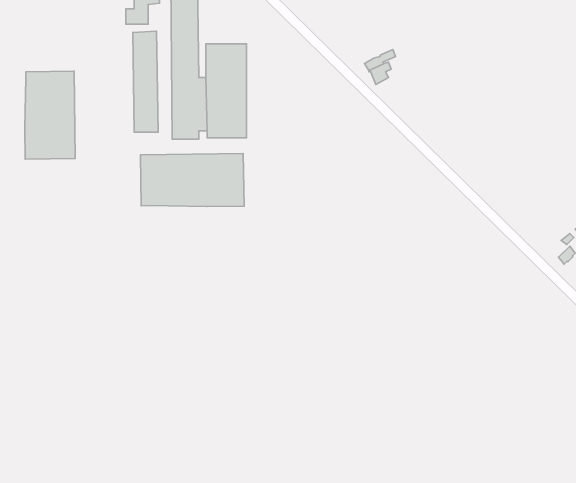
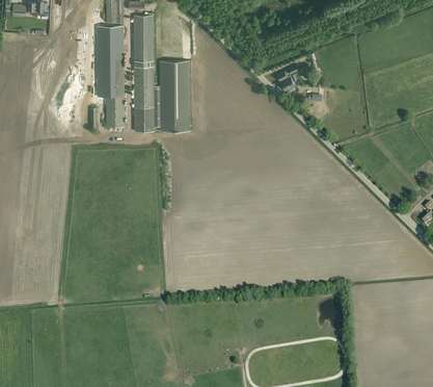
building: [25,71,75,159] -> none
building: [140,153,244,207] -> none

